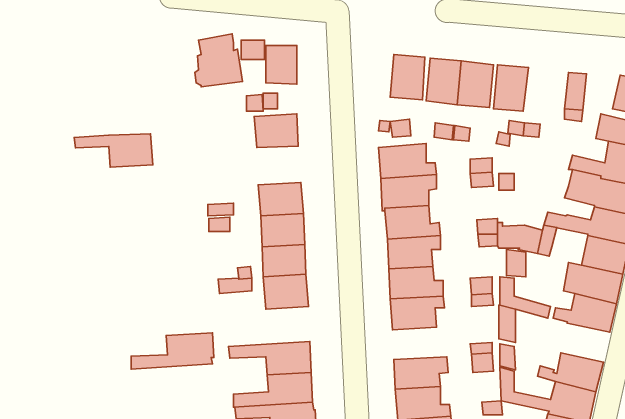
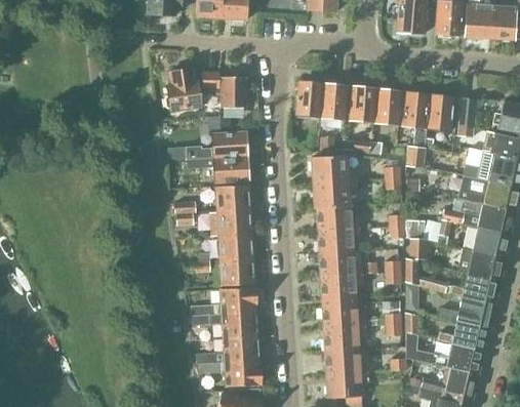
building: none -> [295,80,323,117]
building: none -> [426,93,454,131]
building: [74,134,153,167] -> [187,156,249,182]
building: none -> [440,296,494,327]
building: none -> [322,299,365,325]
building: [131,333,214,369] -> [192,286,257,315]

